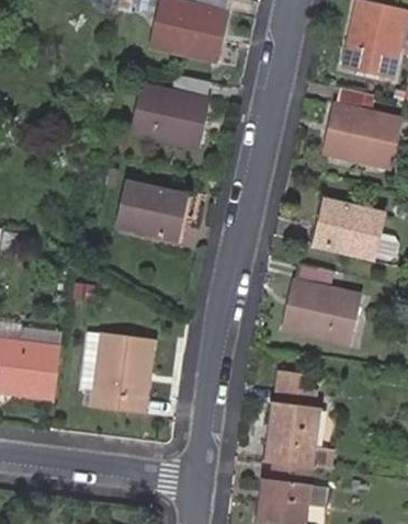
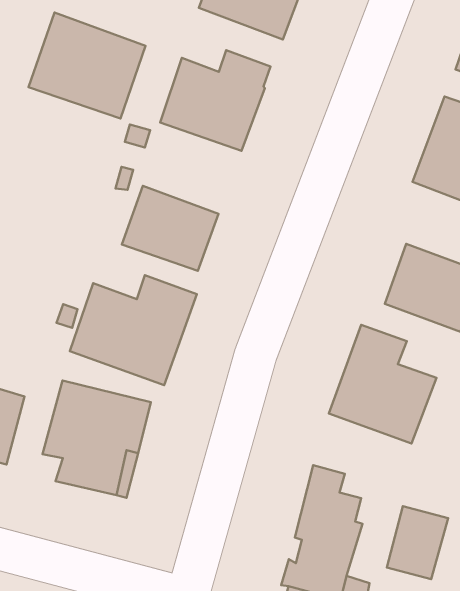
building: none -> [28,13,146,119]
building: none -> [70,275,197,385]
building: none -> [387,506,448,579]

